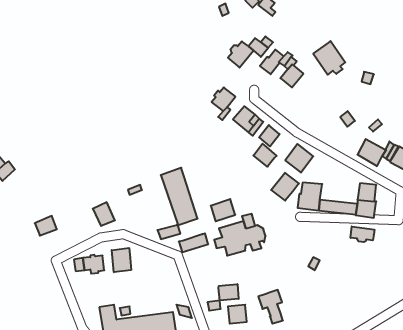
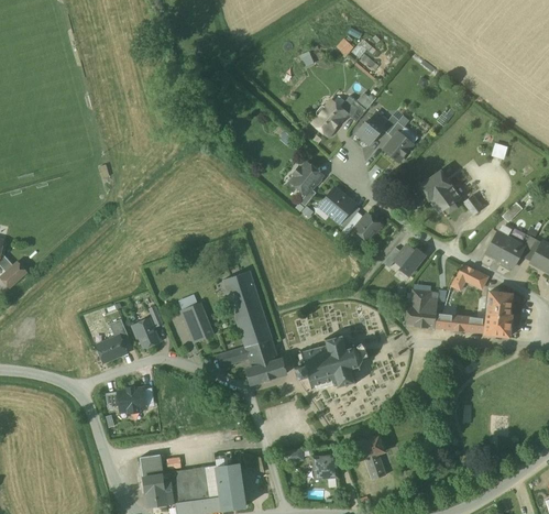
building: [313,41,345,75] -> [418,169,461,215]
building: [253,144,277,167] -> none
building: none -> [451,265,487,291]
building: [271,173,299,201] -> none
building: none -> [180,303,213,343]
building: [211,199,235,221] -> [245,339,278,369]
building: [35,216,57,236] -> [97,336,127,362]
building: [351,226,374,242] -> none
building: [112,248,131,272] -> none
building: [218,284,239,301] -> none

